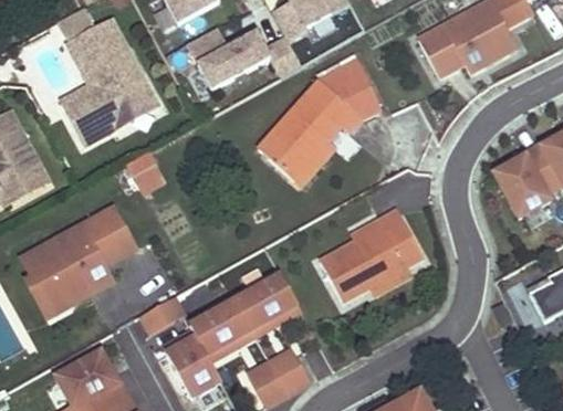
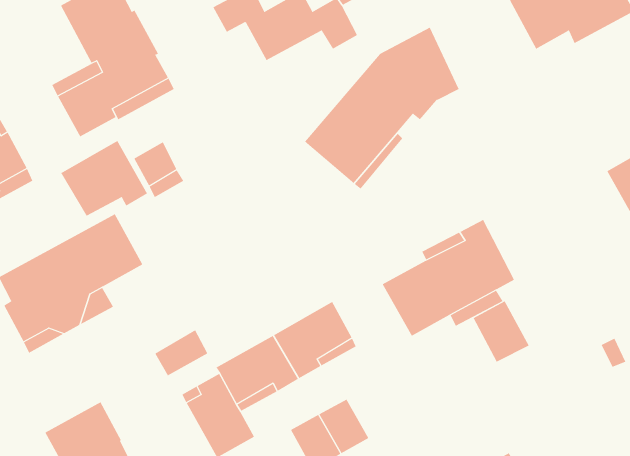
building: none -> [60,140,148,216]
building: none -> [473,300,530,363]

